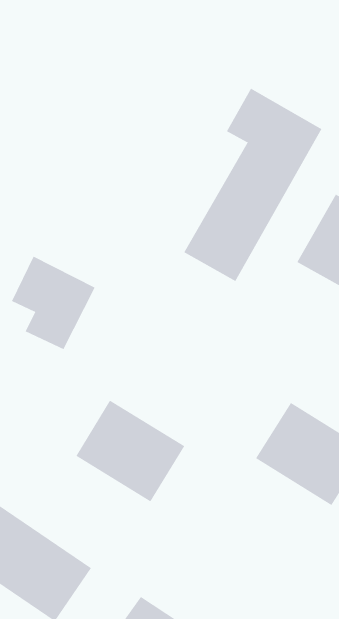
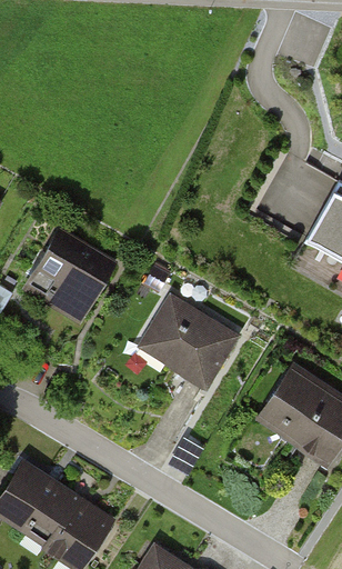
building: [184,88,322,282] -> none
building: [75,400,185,502] -> [139,295,239,388]

